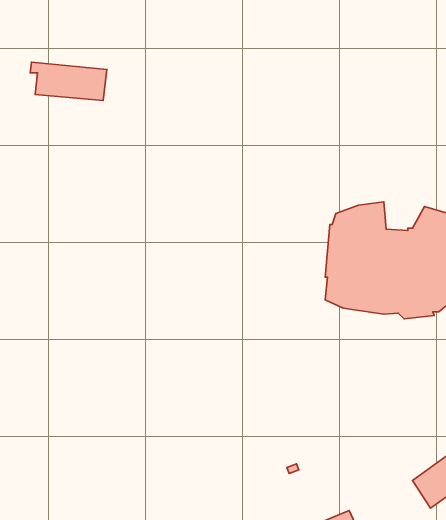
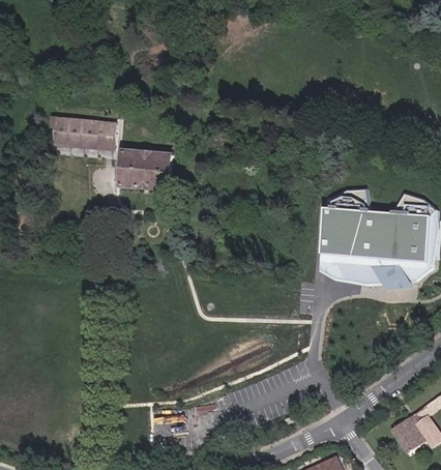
building: [30,62,107,100] -> [51,117,117,150]
building: none -> [121,150,172,190]

